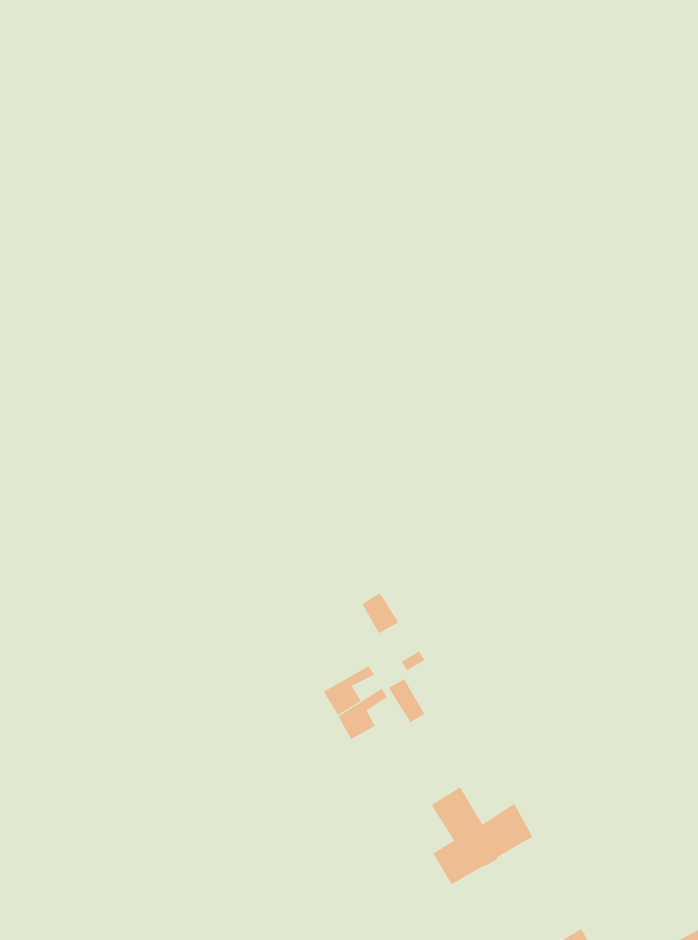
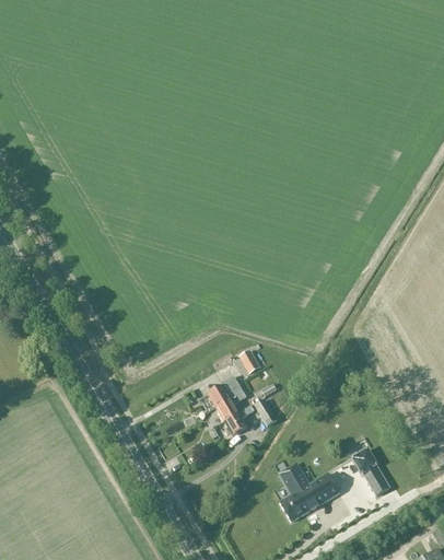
building: none -> [208,375,243,407]
building: none -> [352,450,389,494]

